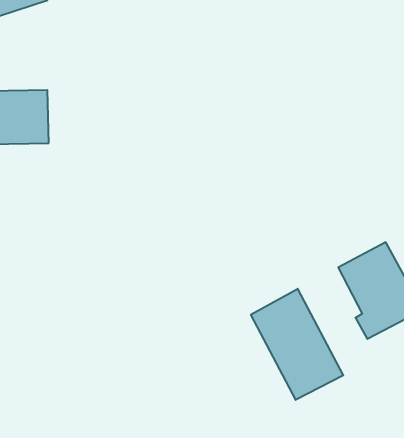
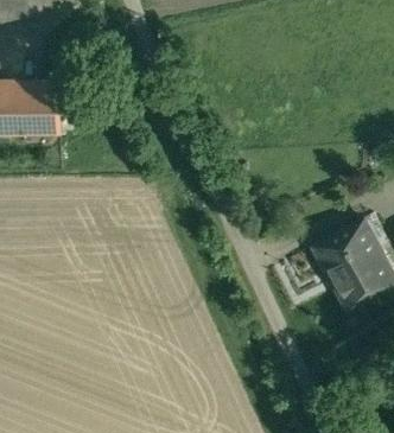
building: [251,289,343,400] -> none

